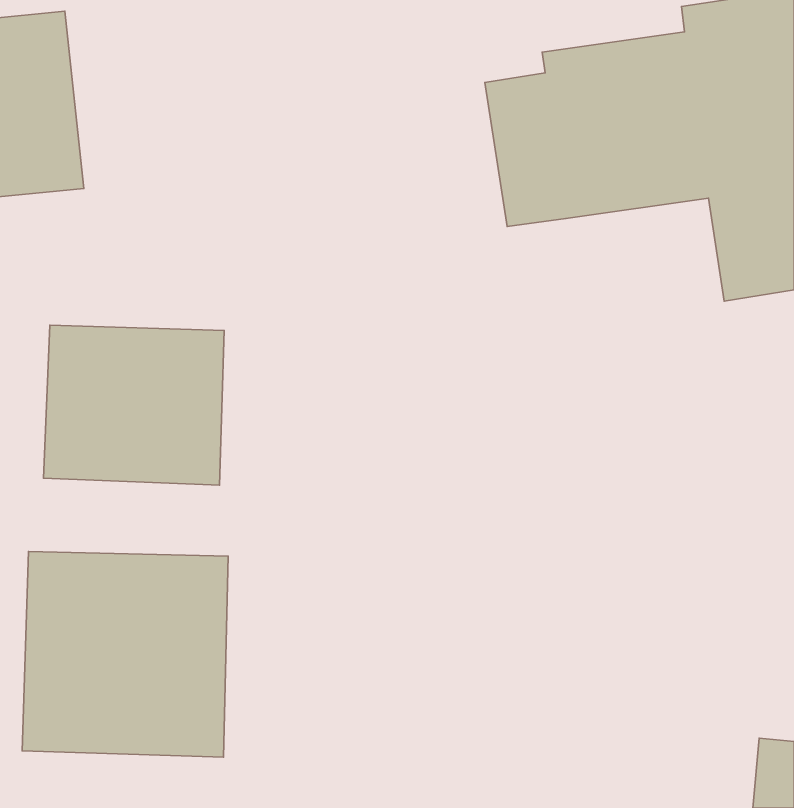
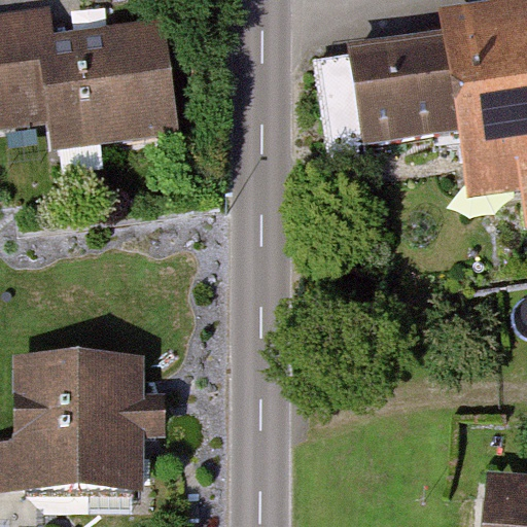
building: none -> [52,23,184,150]
building: [44,325,224,485] -> none

